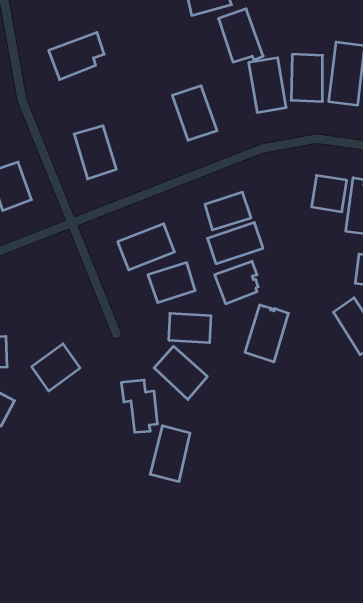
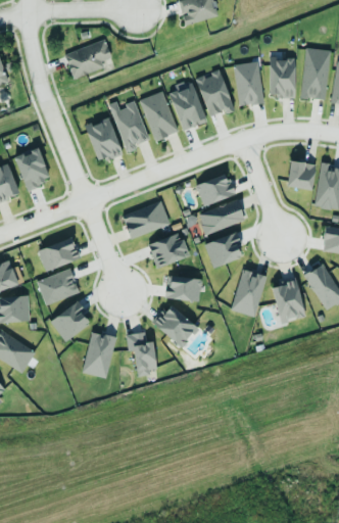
building: [218,9,263,62] -> [196,70,234,115]
building: none -> [139,91,178,140]
building: none -> [109,101,150,149]
building: none -> [38,236,81,272]
building: none -> [37,268,80,304]
building: none -> [271,279,306,323]
building: [150,426,190,481] -> [82,331,115,378]

